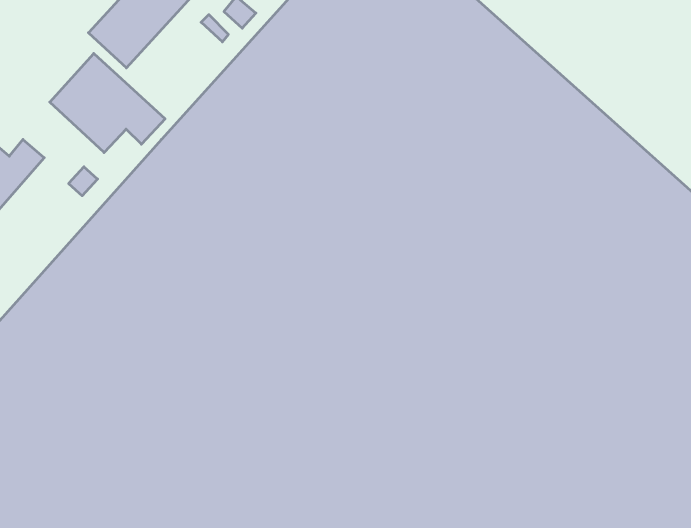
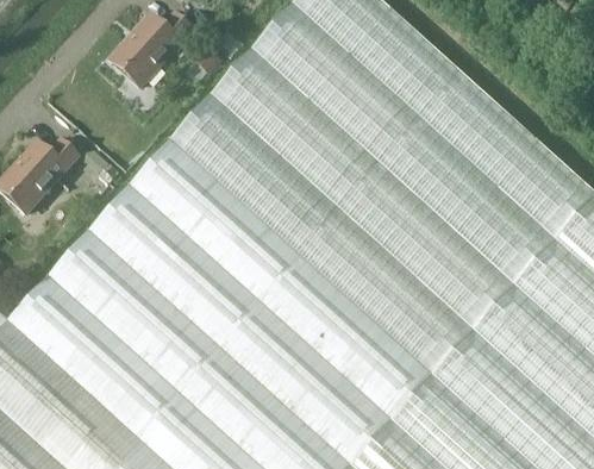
building: [50,53,165,153] -> none

